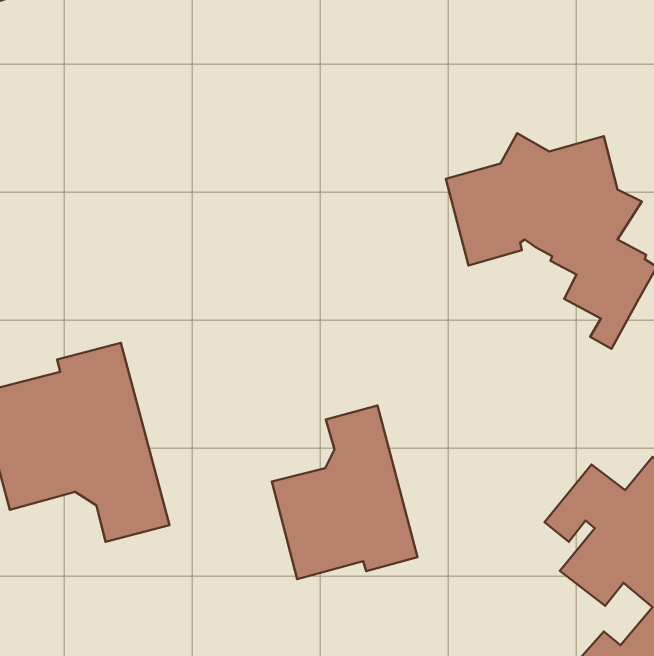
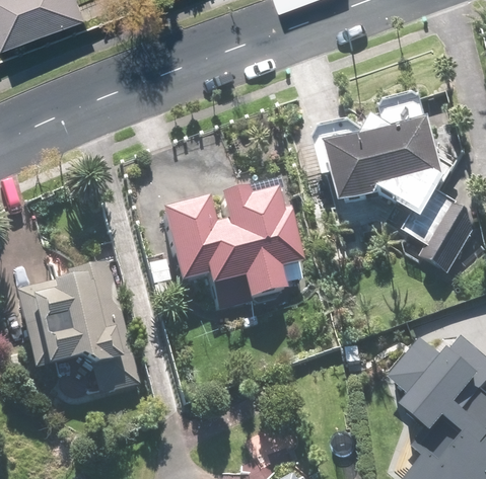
building: none -> [155,189,301,309]
building: [272,406,417,579] -> none

